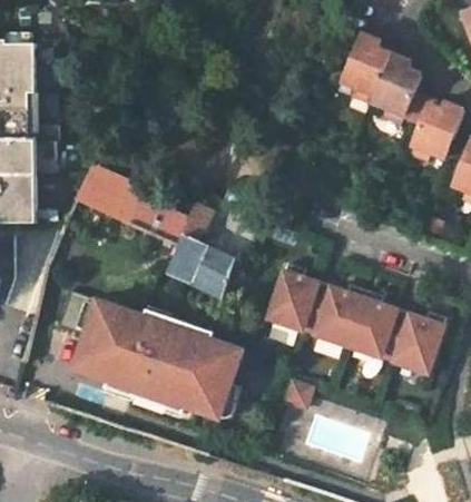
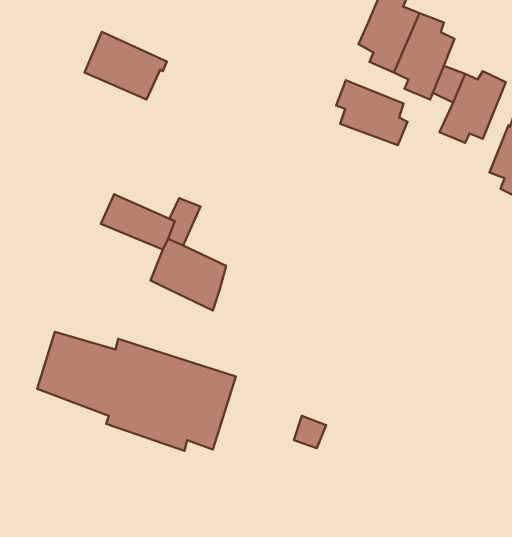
building: none -> [336,80,407,145]
building: [76,170,144,226] -> [84,32,167,99]
building: [271,260,442,368] -> none

